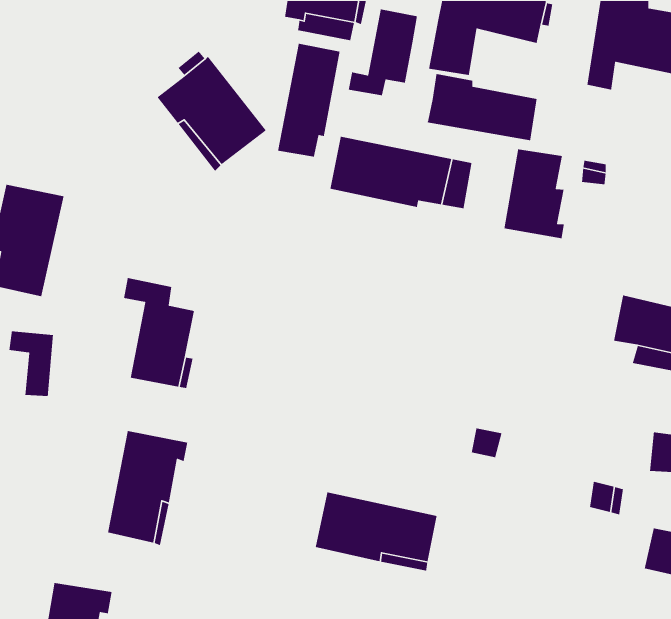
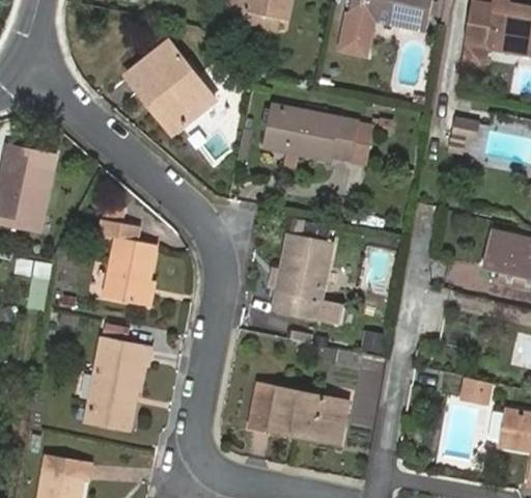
building: [348,9,418,96] -> none
building: [277,43,341,157] -> none
building: [427,73,538,141] -> none
building: [503,149,565,239] -> none
building: none -> [273,233,329,320]

